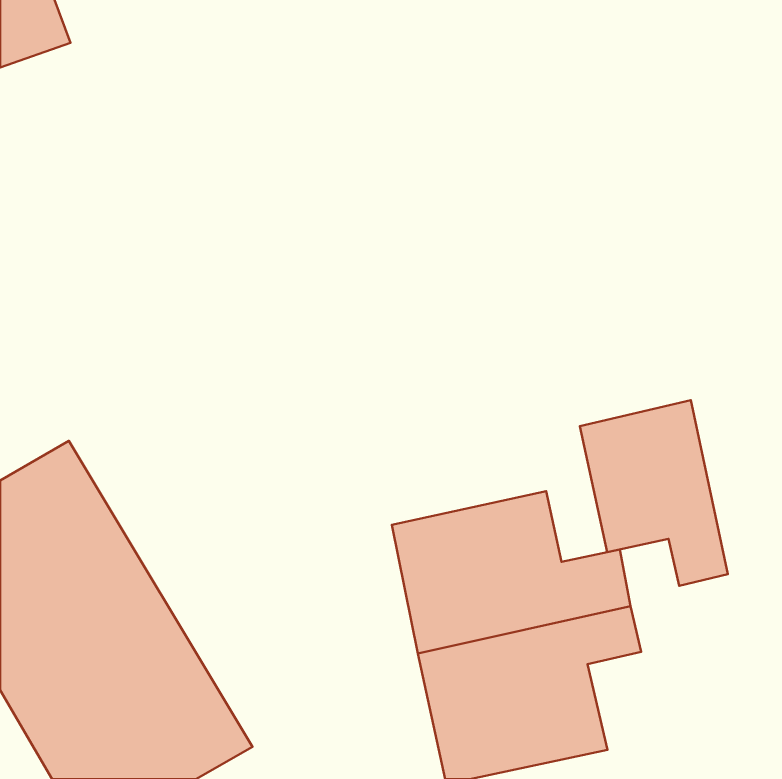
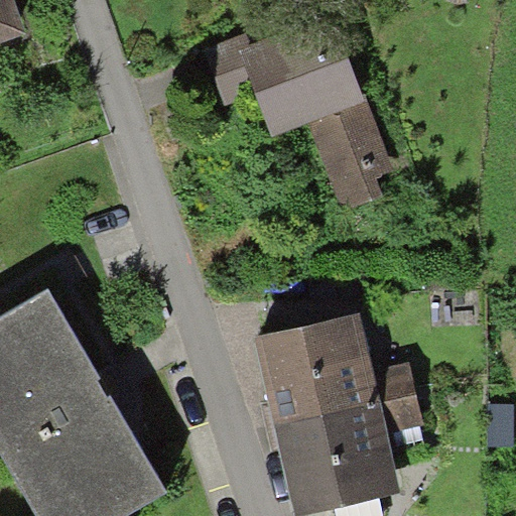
building: none -> [208,7,389,212]
building: [580,400,728,586] -> none

